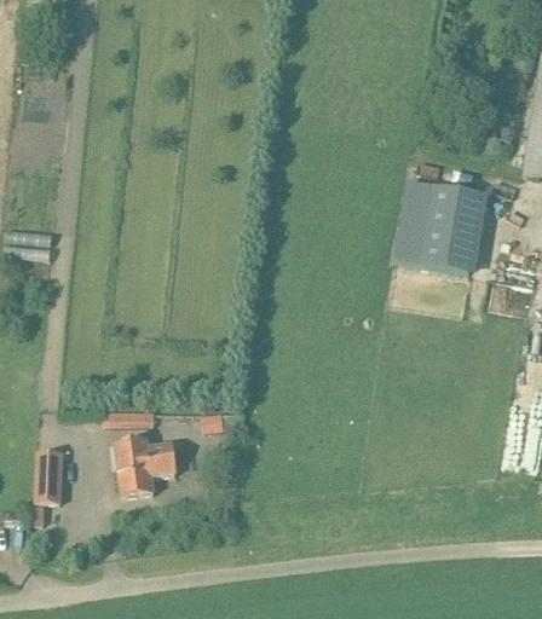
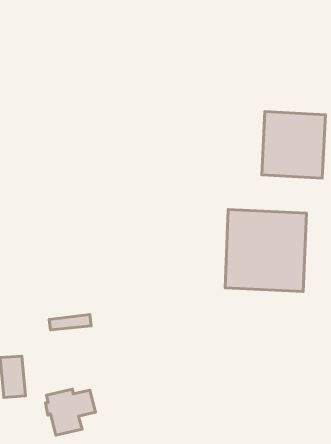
building: none -> [225,209,306,292]
building: [114,440,175,496] -> [45,389,95,435]

